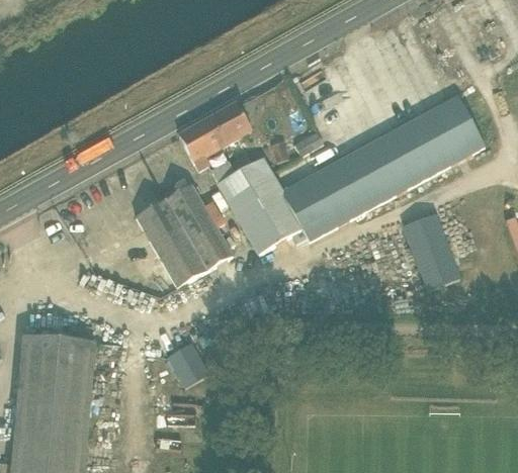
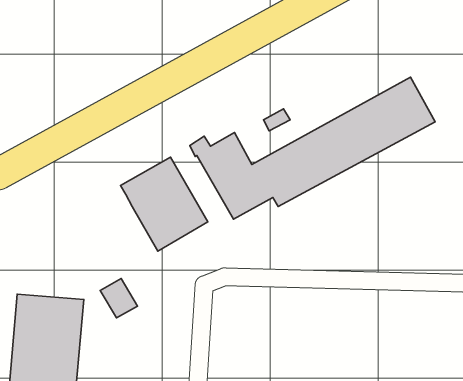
building: [179,103,250,169] -> none
building: [403,213,459,289] -> none
building: [168,344,209,387] -> [100,279,138,318]

